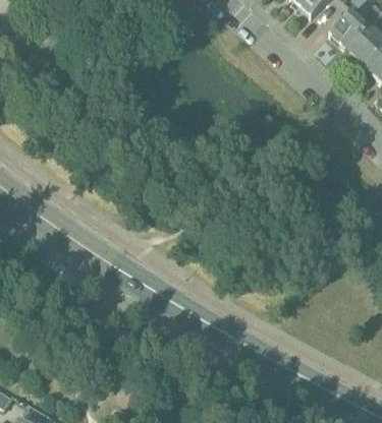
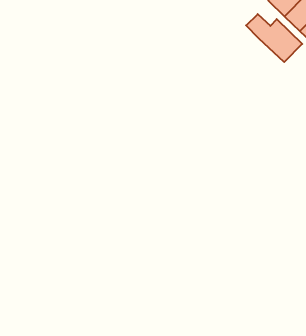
building: none -> [246,14,302,62]

